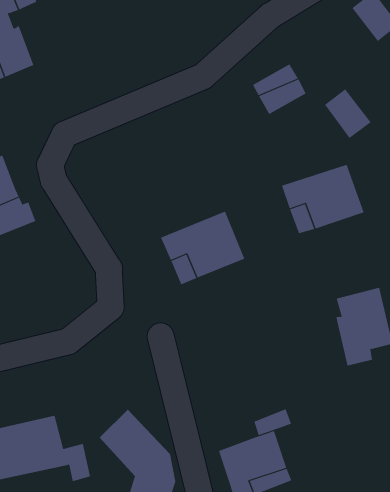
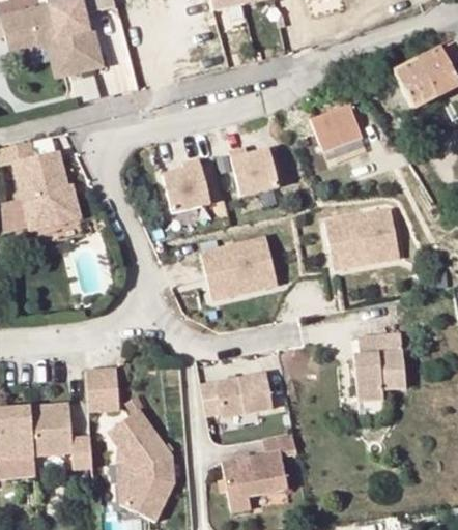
building: [324,88,372,139] -> [393,61,435,110]
building: none -> [227,146,276,196]
building: none -> [161,157,208,211]
building: none -> [202,374,271,418]
building: none -> [88,366,123,412]

